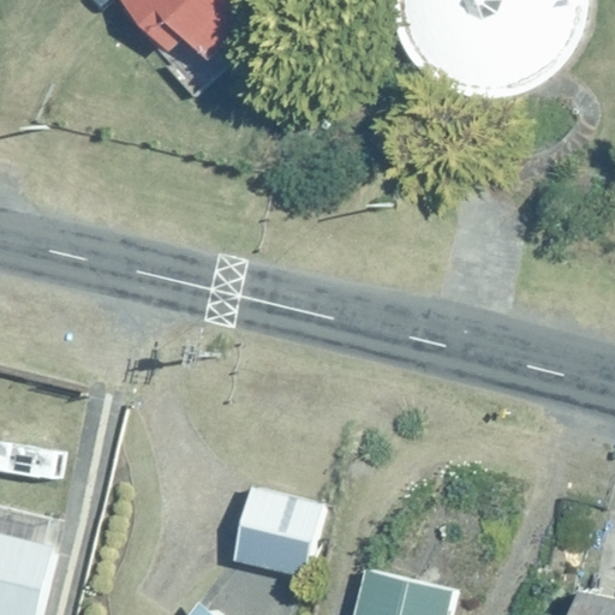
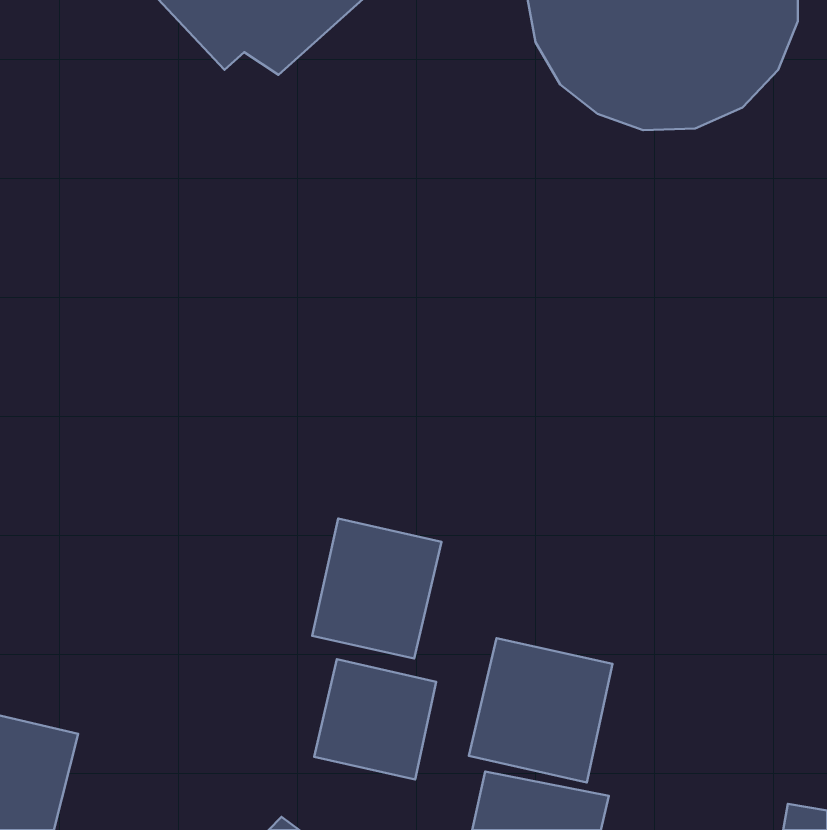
building: none -> [312,519,442,659]
building: none -> [469,638,613,783]

